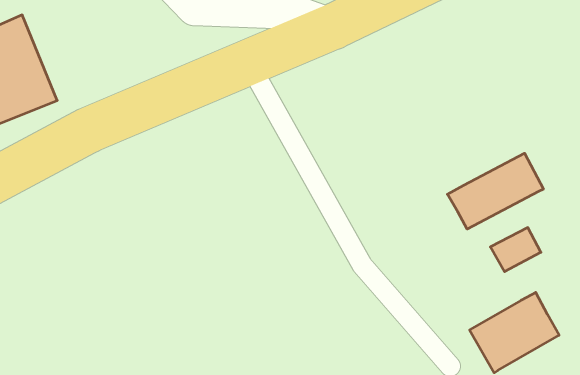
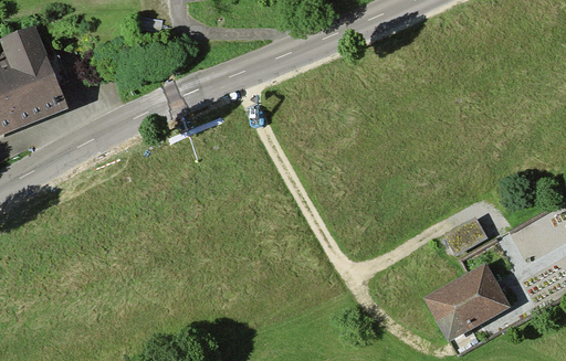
building: [447,153,543,229] -> none

